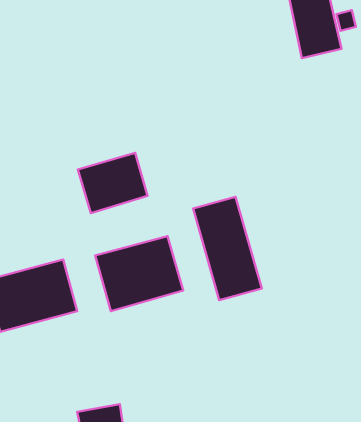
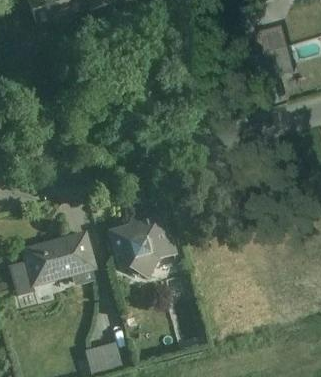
building: [78,153,148,213] -> none
building: [193,197,262,300] -> none

